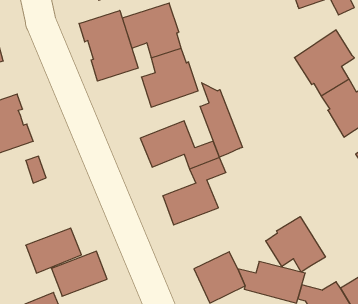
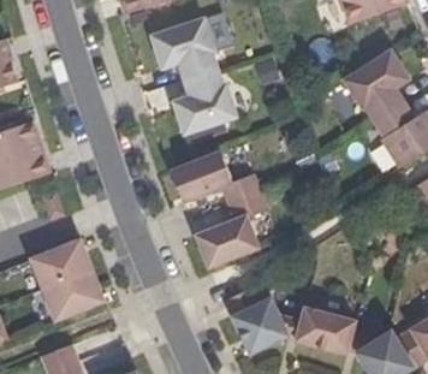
building: [79,10,138,81] -> none
building: [200,83,243,157] -> none
building: [266,217,325,272] -> none
building: [51,251,107,296] -> [30,238,93,289]

